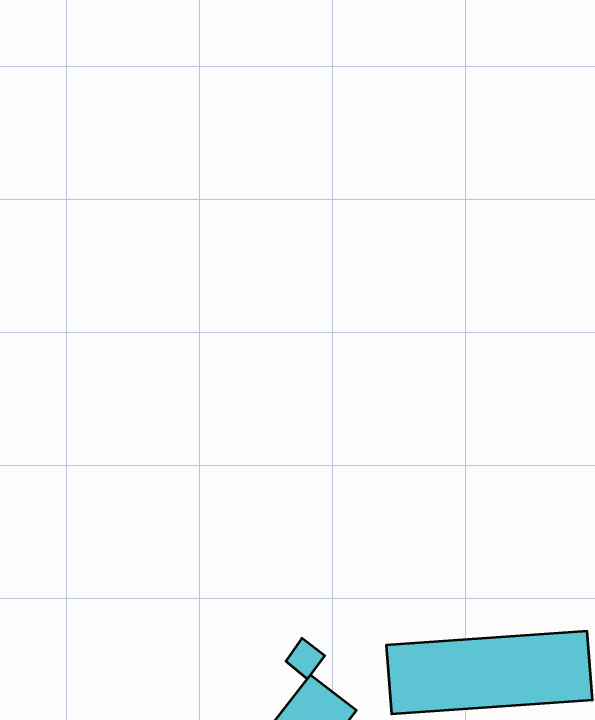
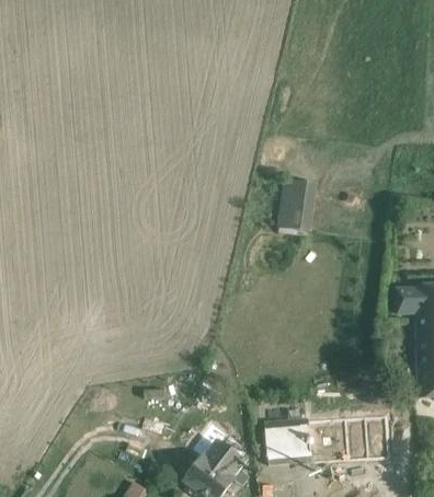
building: none -> [276,178,317,232]

